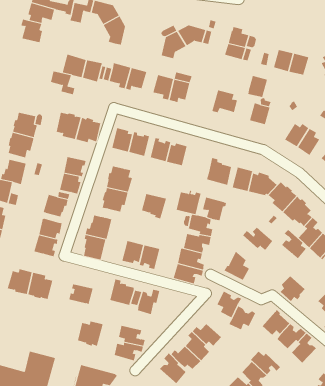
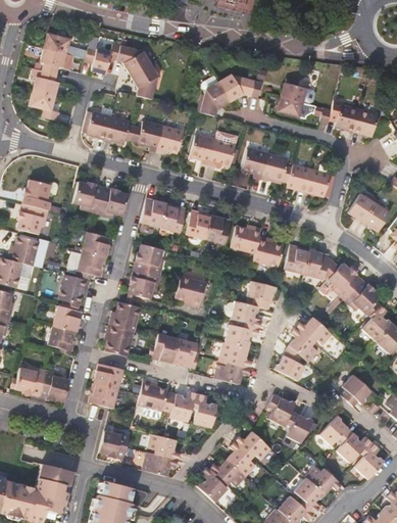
building: [50,71,75,95] -> [30,91,59,120]
building: [247,75,268,98] -> [286,162,310,189]
building: none -> [241,147,266,178]
building: [176,190,201,215] -> [231,222,261,251]
building: [281,229,307,259] -> [288,326,318,362]
building: none -> [95,363,123,389]
building: none -> [194,392,216,426]

